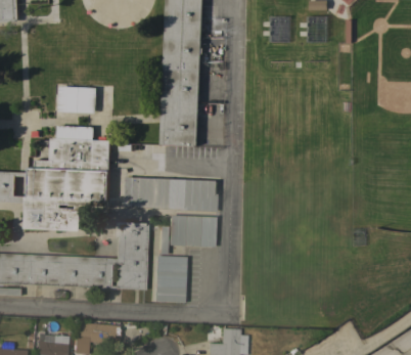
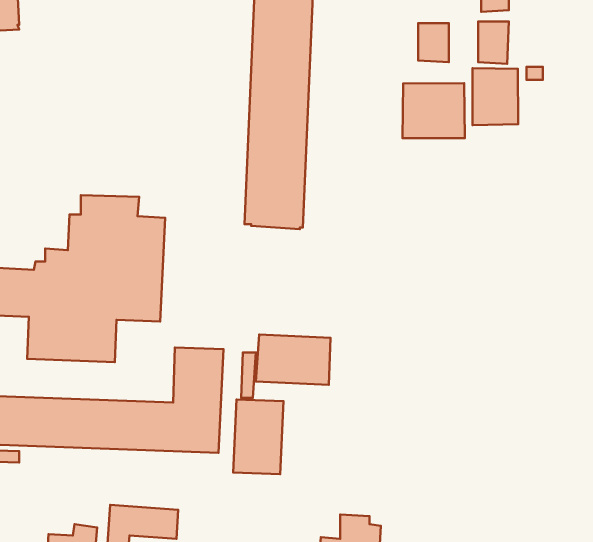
building: none -> [473,68,518,125]
building: none -> [403,83,465,138]
building: [58,86,97,113] -> none
building: [124,177,217,211] -> none

